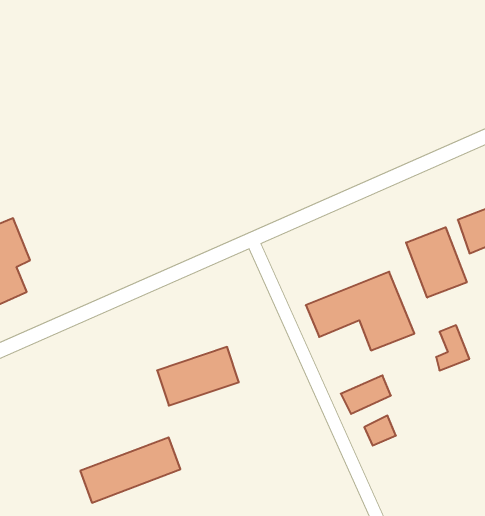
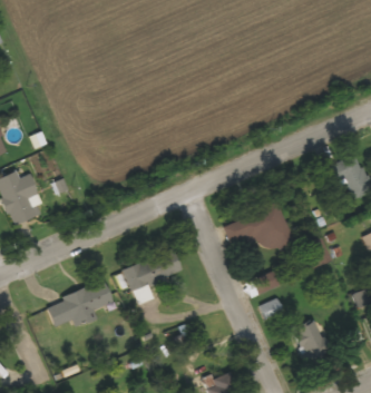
building: [406,227,467,298] -> none
building: [80,437,180,503] -> [47,282,114,325]
building: none -> [294,320,325,360]

